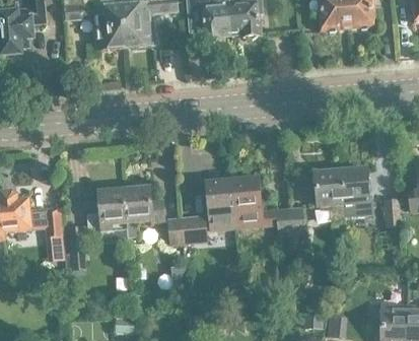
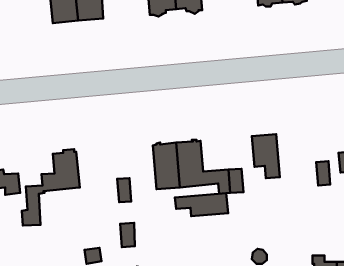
building: [340,165,372,216] -> none
building: [123,187,163,236] -> none
building: [181,215,206,243] -> none
building: none -> [175,193,228,216]

